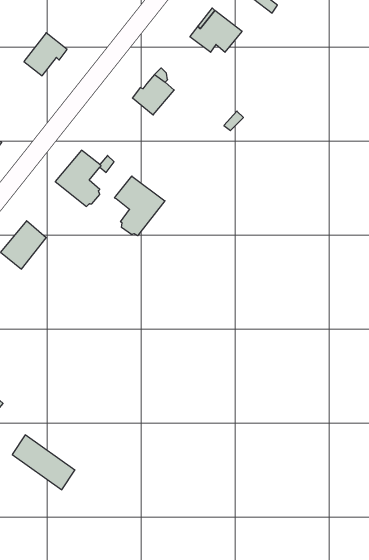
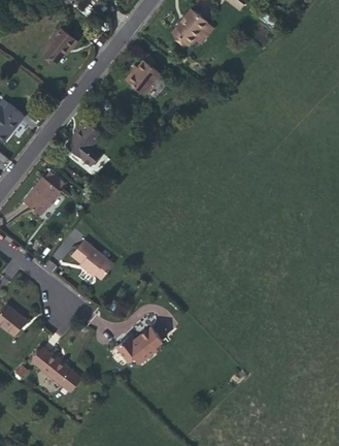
building: [115,176,165,236] -> none
building: none -> [71,242,111,278]
building: none -> [114,328,161,364]

